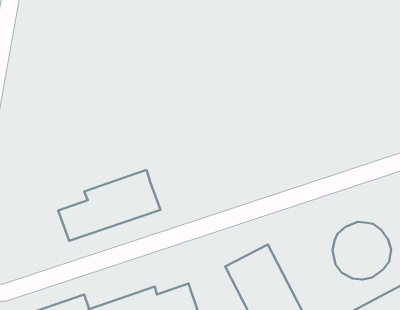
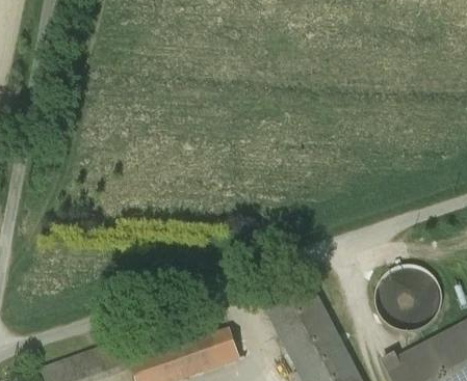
building: [58,170,161,241] -> none

